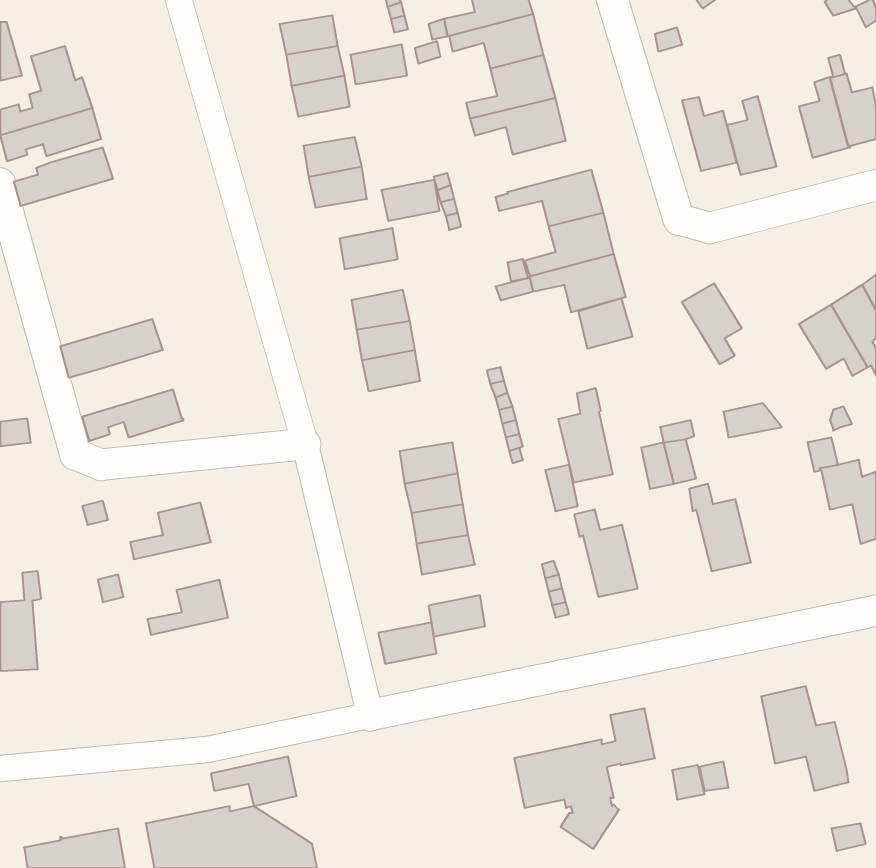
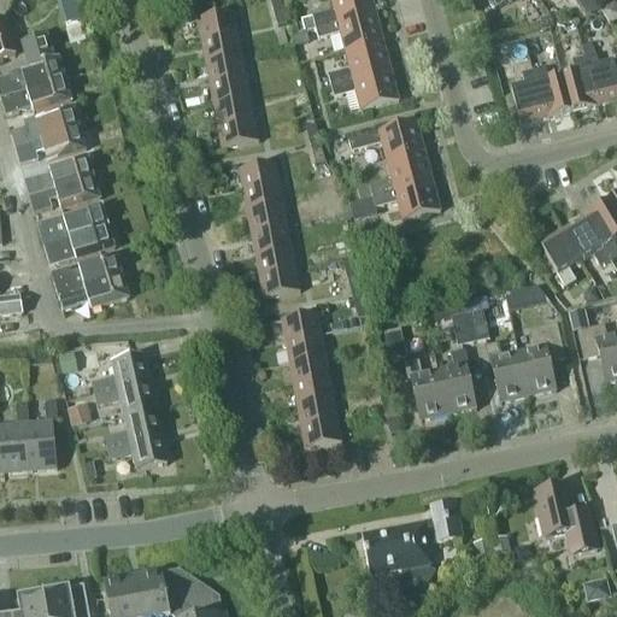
building: [350,45,407,84] -> [210,75,249,102]
building: [682,97,737,171] -> [533,65,571,117]
building: none -> [14,125,86,161]
building: [381,180,440,221] -> [242,182,283,211]
building: none -> [24,153,100,211]
building: [682,283,742,364] -> [539,228,581,284]
building: none -> [36,202,107,243]
building: [578,298,632,349] -> none
building: none -> [51,252,122,293]
building: none -> [259,268,300,296]
building: [558,388,613,483] -> [437,347,476,413]
building: none -> [517,322,564,395]
building: none -> [94,381,154,415]
building: none -> [23,399,58,470]
building: [378,623,437,664] -> [296,396,337,425]
building: [211,756,297,806] -> [106,434,166,469]

